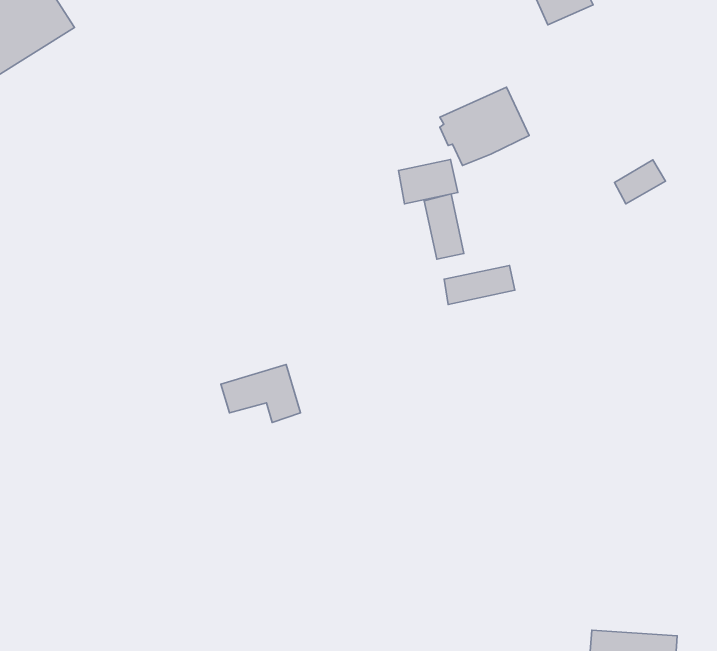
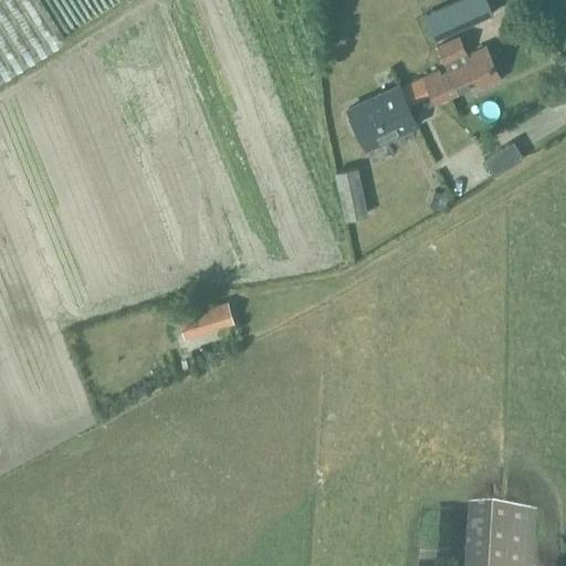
building: none -> [401,38,500,113]
building: [398,160,458,204] -> none
building: [444,266,515,305] -> none

